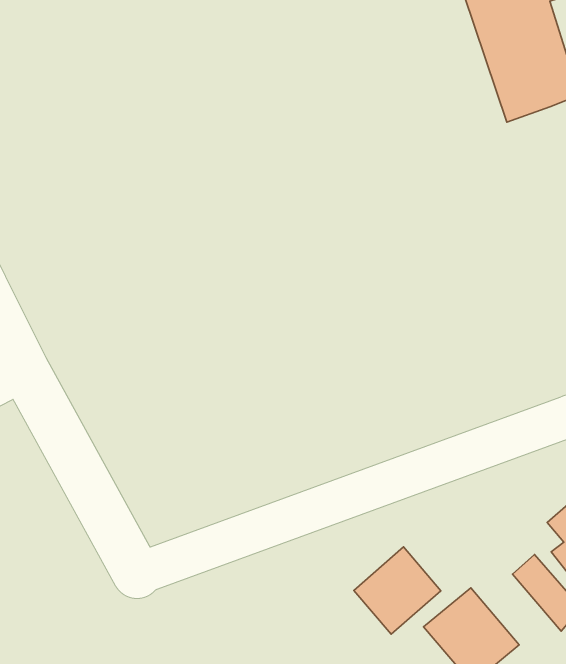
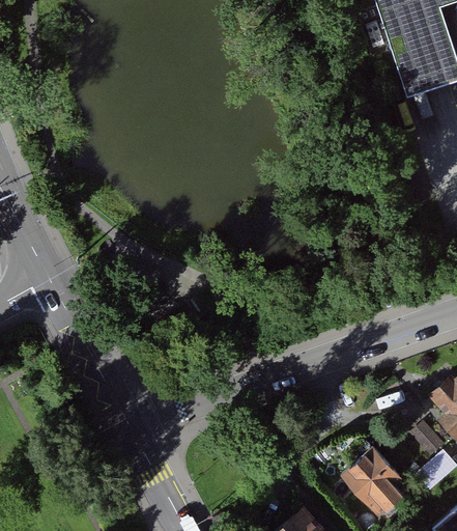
building: [354,547,441,634] -> none

